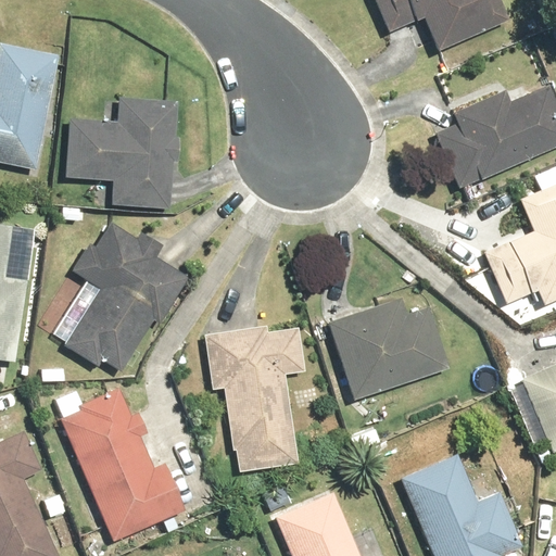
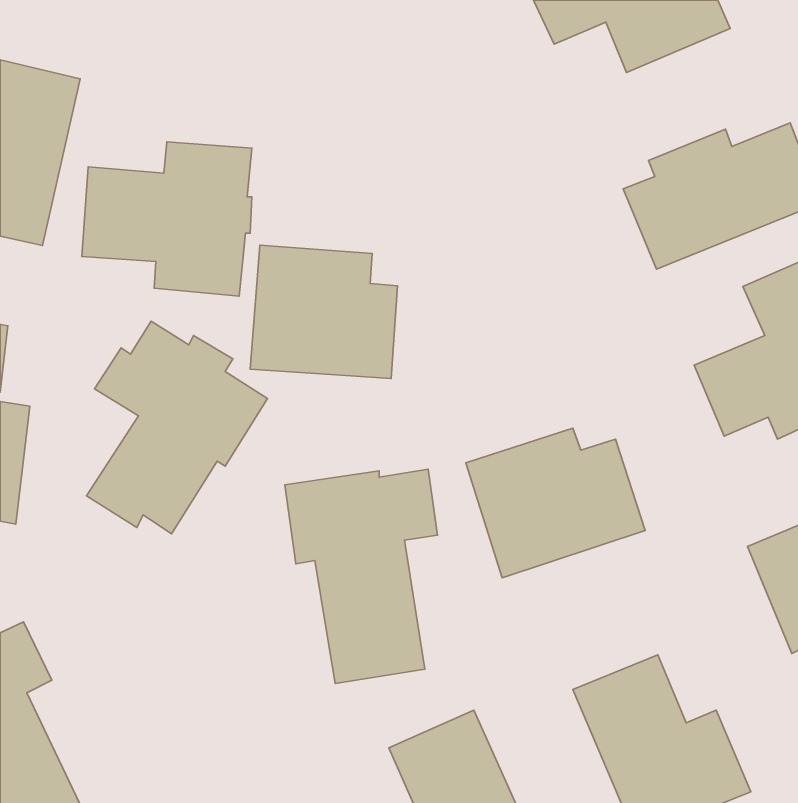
building: none -> [250,245,398,379]
building: [58,383,187,542] -> none

